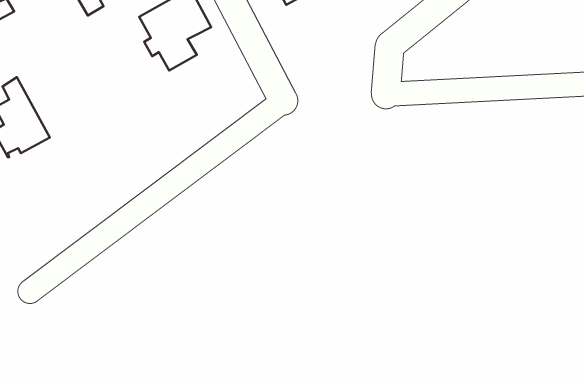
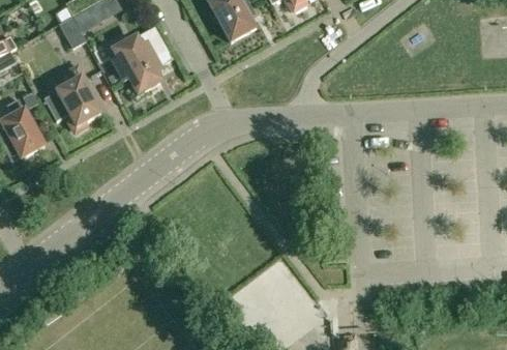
building: none -> [56,62,100,128]

